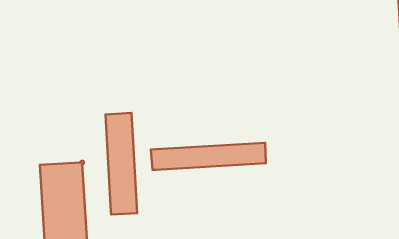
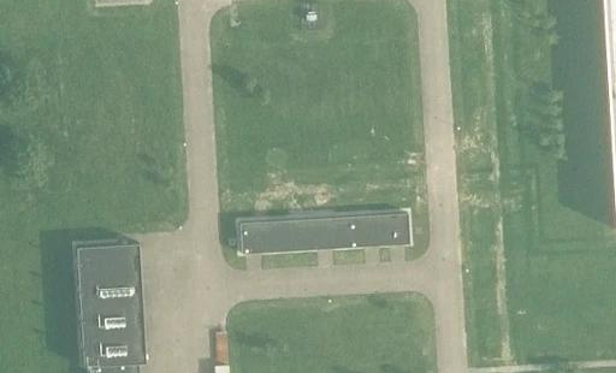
building: [105,113,137,214] -> none

